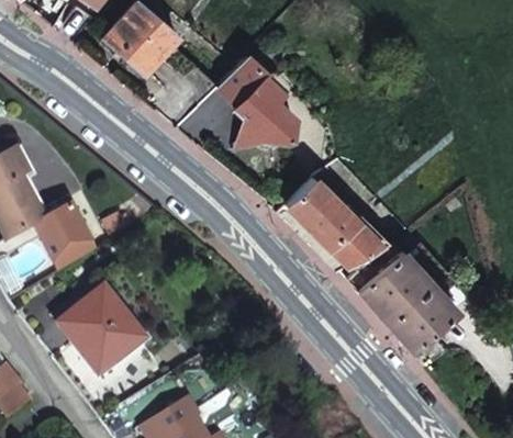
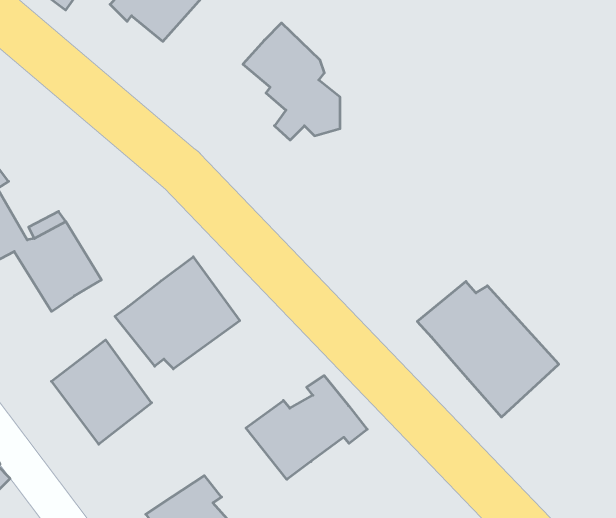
building: [286,177,380,261] -> none
building: none -> [115,257,240,369]
building: none -> [246,376,367,479]

